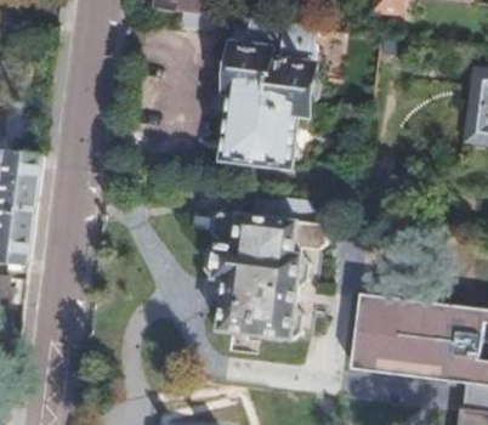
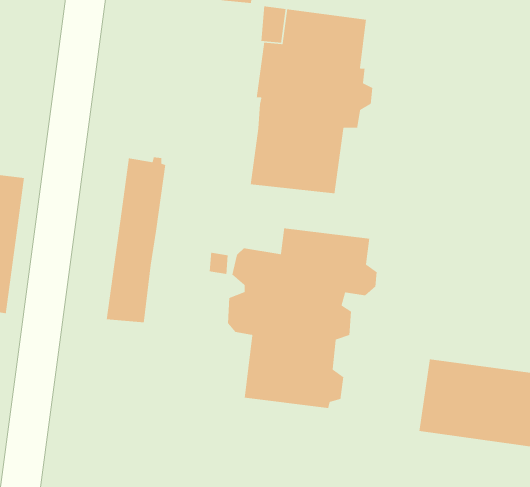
building: none -> [106,156,166,323]

